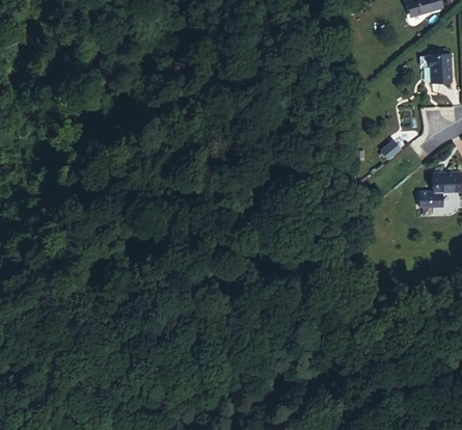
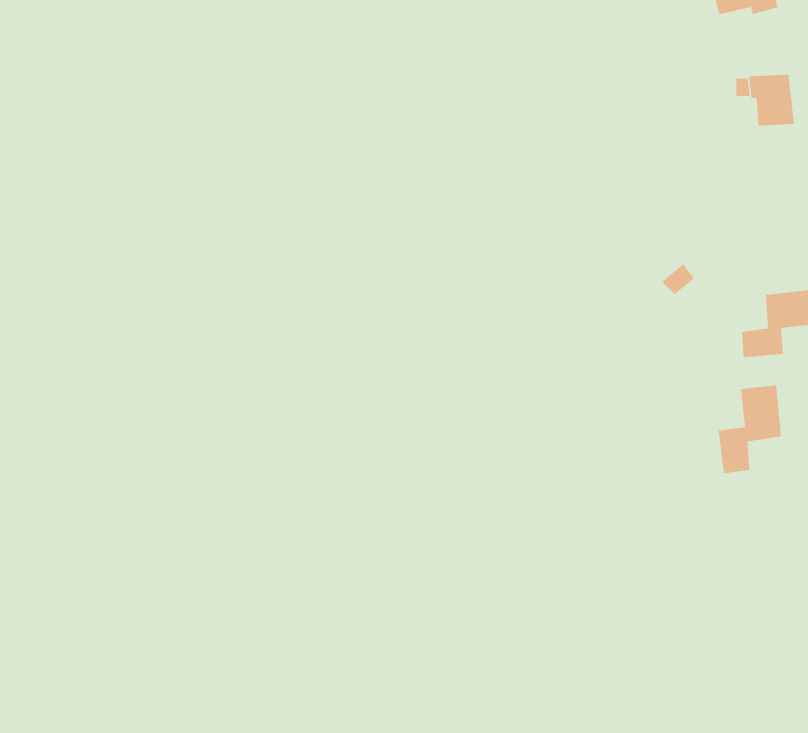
building: none -> [718,385,782,474]

